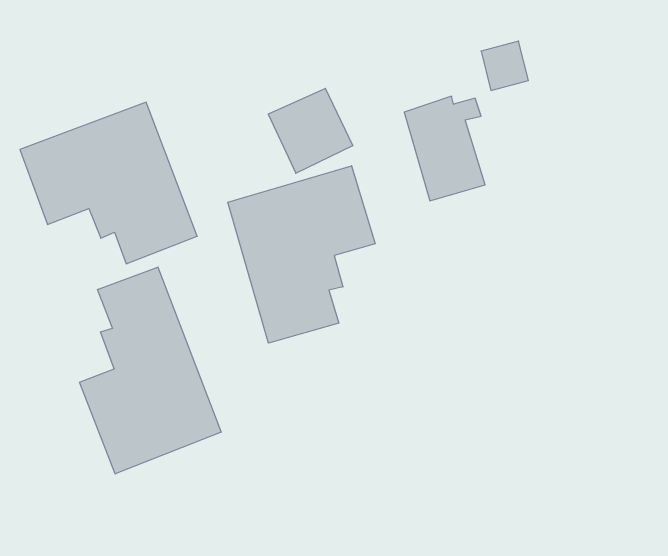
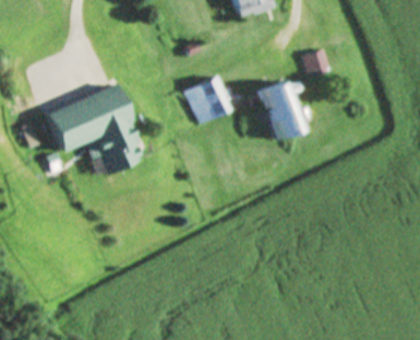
building: [228,166,375,343] -> none
building: [79,267,221,474] -> none

